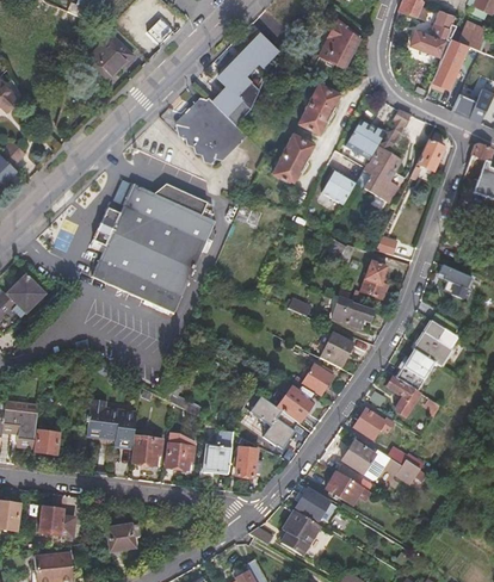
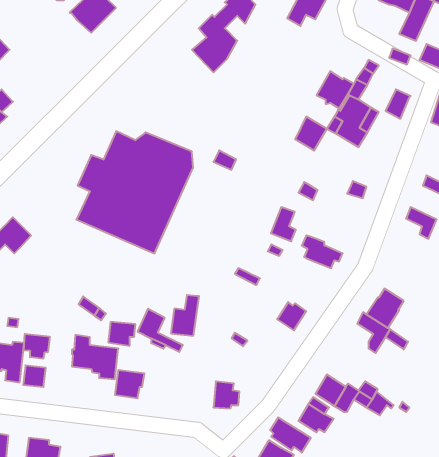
building: [300,81,339,130] -> none
building: [178,94,247,161] -> none
building: [273,132,314,180] -> none
building: [362,262,388,298] -> [271,207,296,241]
building: [414,320,452,366] -> none
building: [321,334,352,367] -> none
building: [276,386,311,423] -> none
building: none -> [24,334,50,359]
building: [356,408,395,438] -> none
building: [265,419,296,457] -> none
building: [204,431,234,473] -> [171,295,199,336]
building: [166,444,194,469] -> [108,322,135,346]

